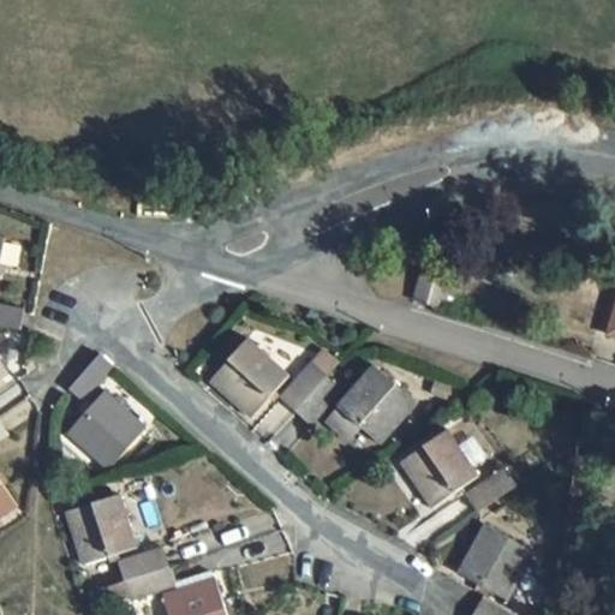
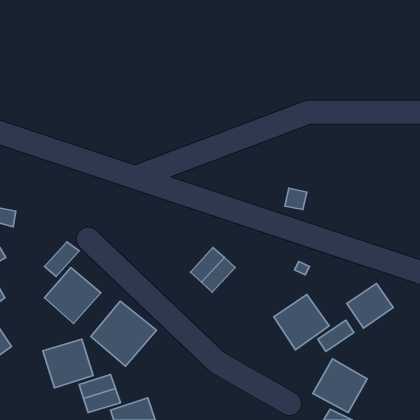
building: [208,338,288,418] -> none
building: [335,364,417,444] -> none
building: none -> [347,283,393,328]
building: none -> [91,301,157,366]

